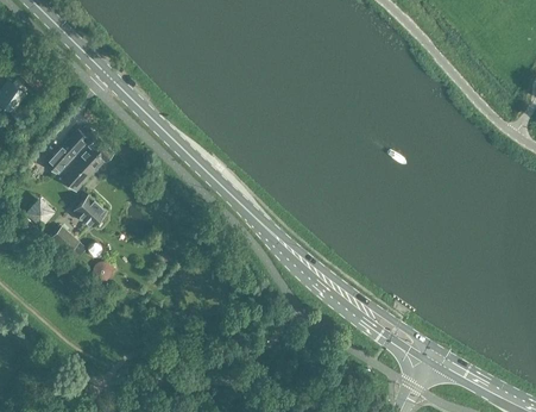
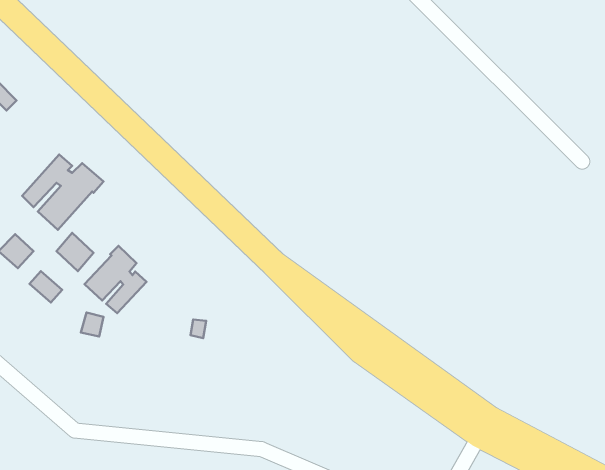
building: none -> [84,246,146,313]

